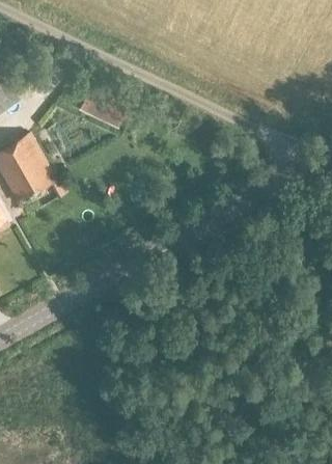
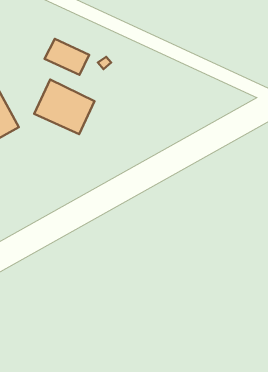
building: none -> [34,79,95,134]

